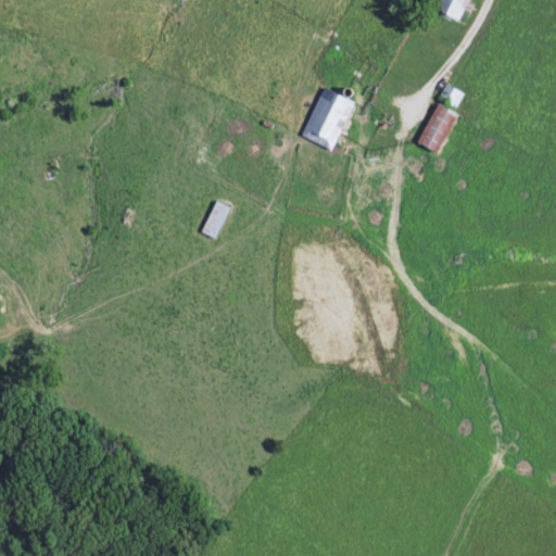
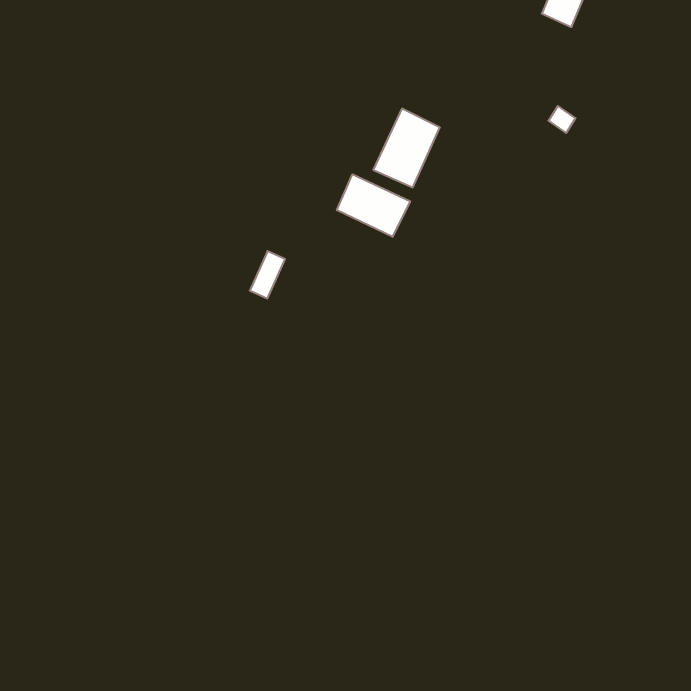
building: [416,103,458,153] -> none
building: none -> [337,174,410,237]

